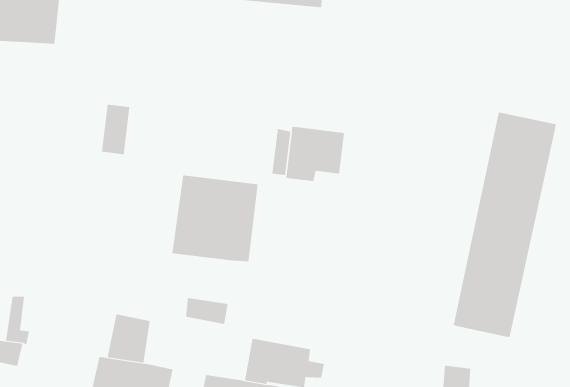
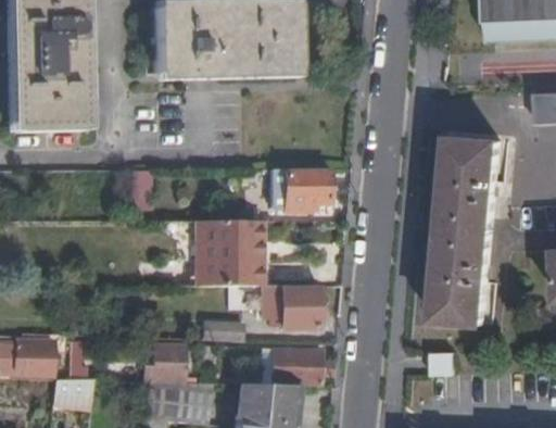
building: none -> [262,287,319,331]

